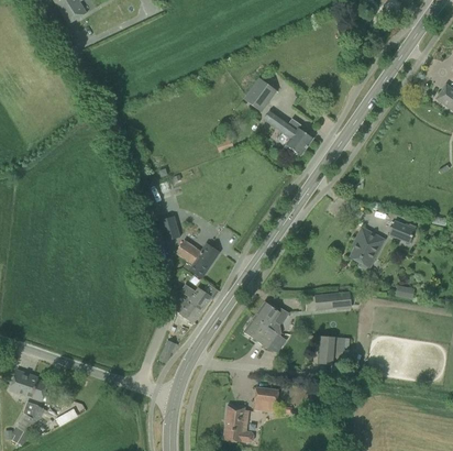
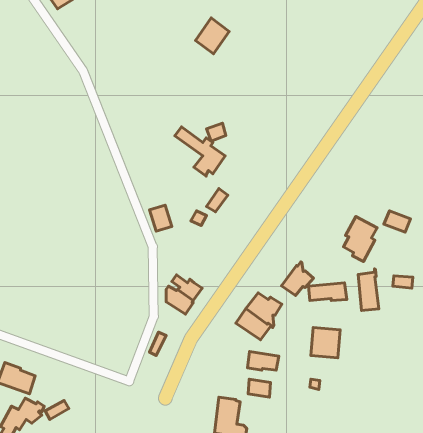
building: [243,77,276,112] -> [196,18,229,54]
building: [263,109,312,157] -> [175,127,225,176]
building: [175,232,213,278] -> none
building: none -> [281,262,313,295]
building: none -> [358,269,379,311]
building: none -> [248,352,279,370]

